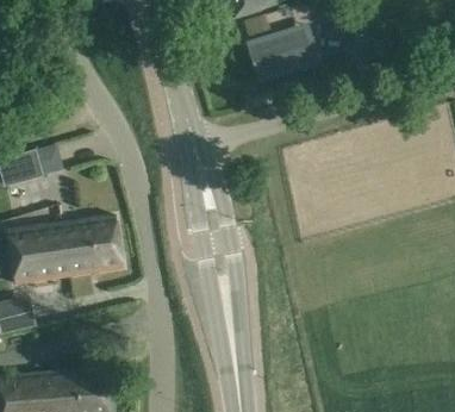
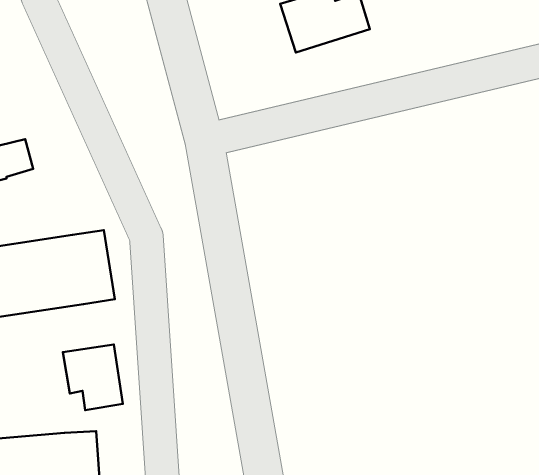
building: none -> [63,345,123,410]

